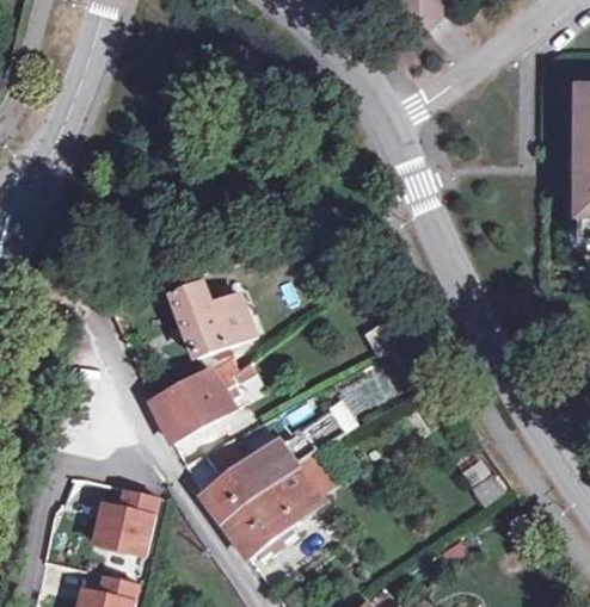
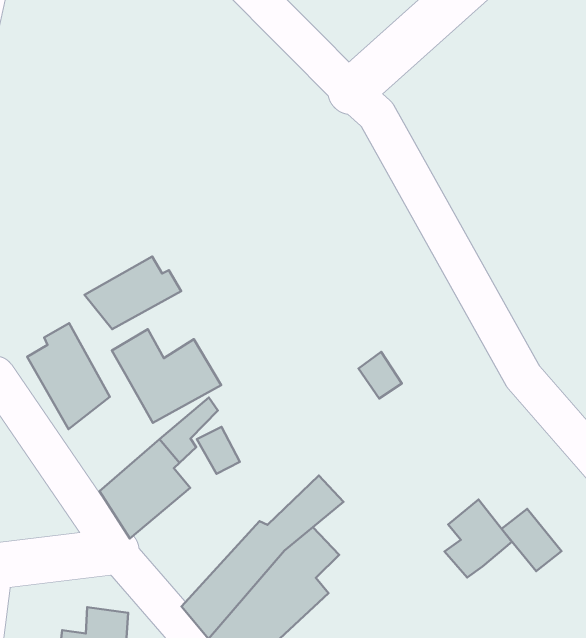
building: none -> [85,256,181,329]
building: none -> [27,323,110,429]
building: none -> [445,500,512,578]

